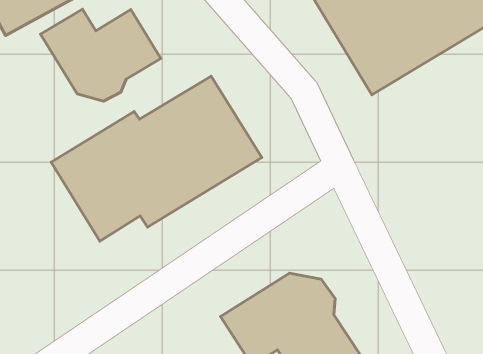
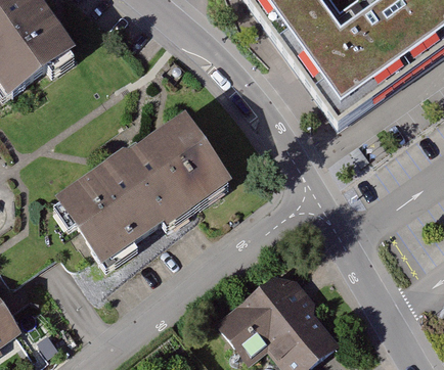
building: [40,9,161,101] -> none

